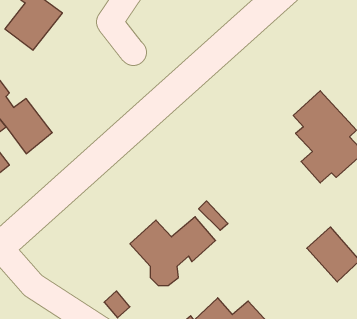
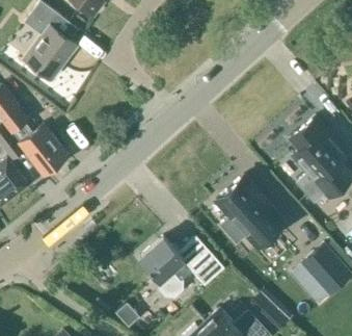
building: none -> [216,176,286,248]

